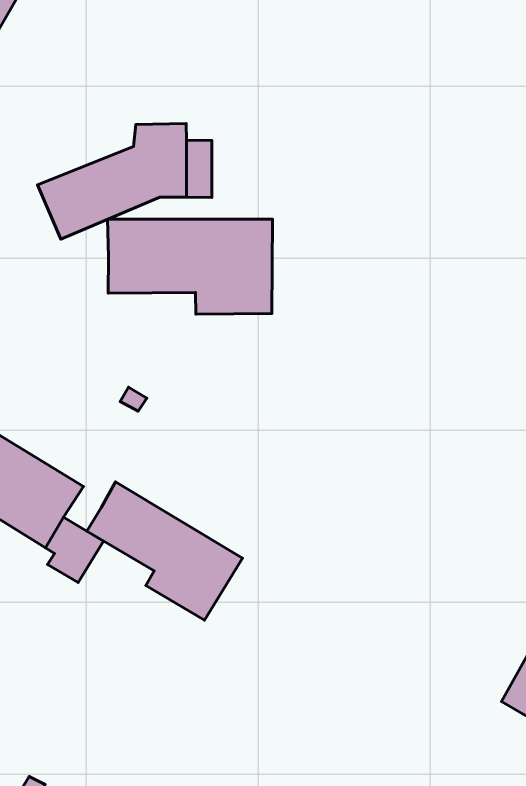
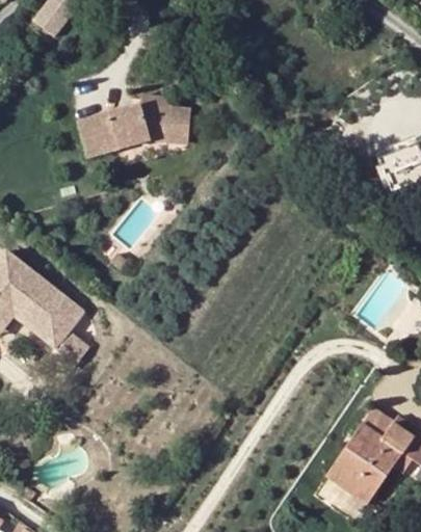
building: [107,219,272,314] -> none
building: [87,482,243,620] -> none

